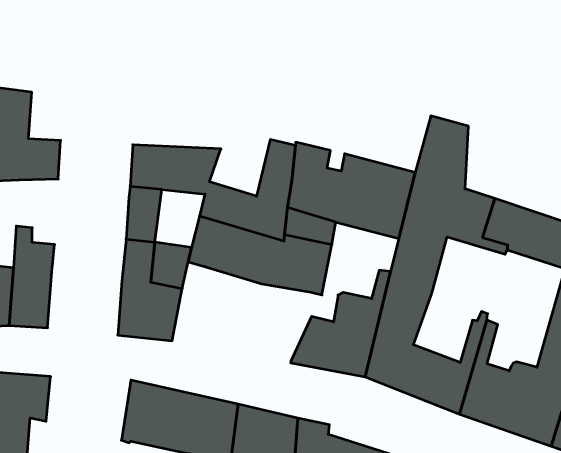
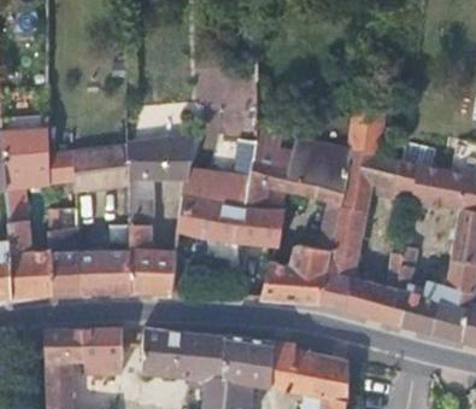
building: none -> [74,150,129,192]
building: none -> [77,245,131,293]
building: none -> [84,329,124,374]

